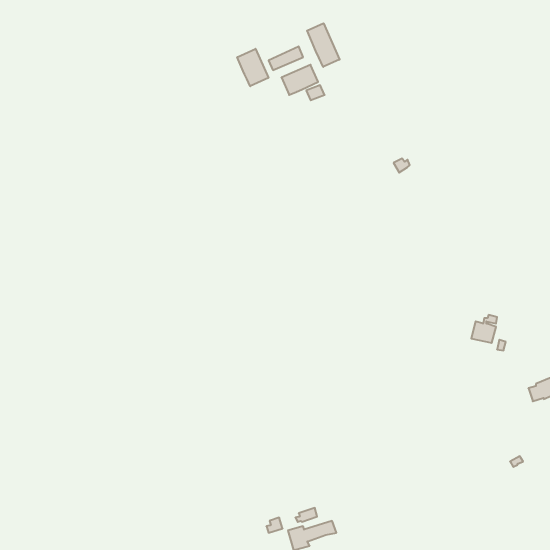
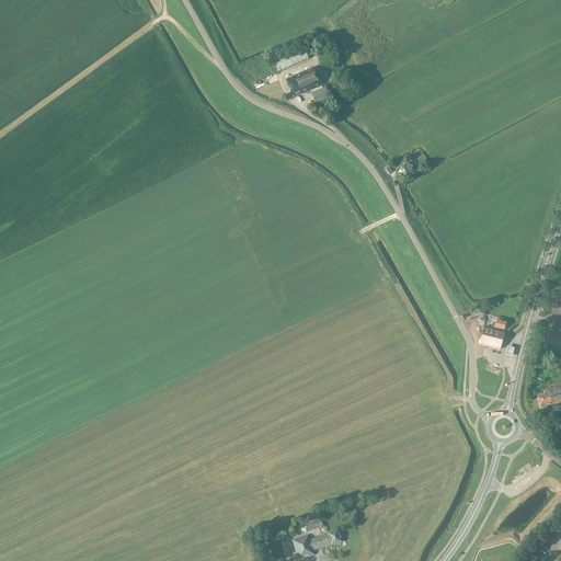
building: [307,23,340,67] -> none
building: [237,49,268,86] -> none

